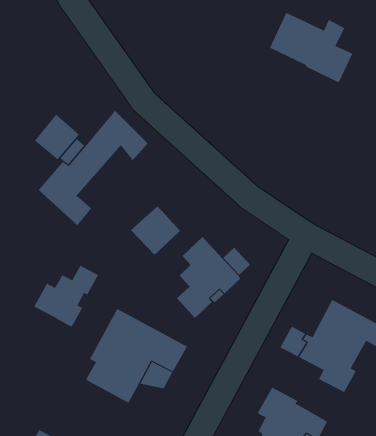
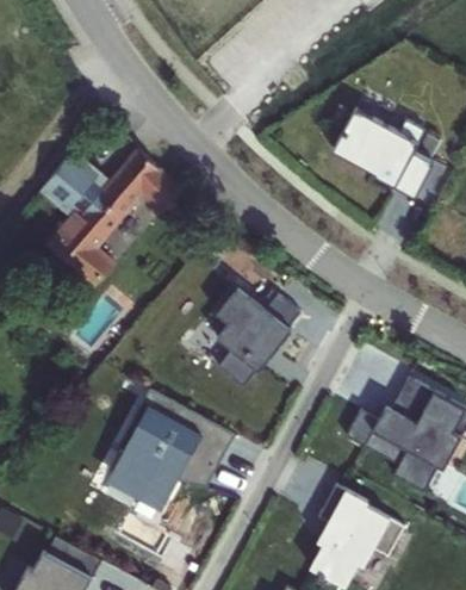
building: [269,12,353,83] -> [333,117,434,203]
building: [130,206,181,255] -> none
building: [33,265,99,327] -> none

